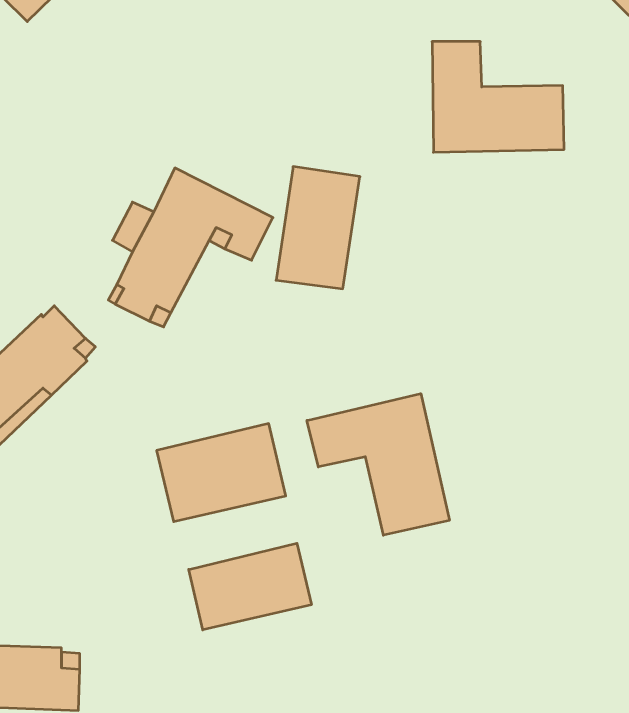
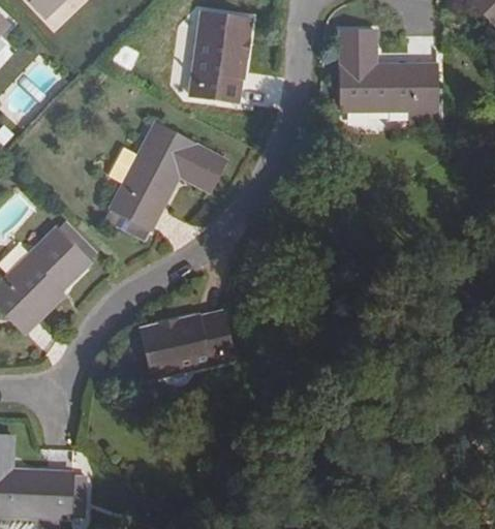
building: [276,167,360,289] -> [189,12,250,101]
building: [307,394,449,535] -> none
building: [189,543,311,630] -> none

